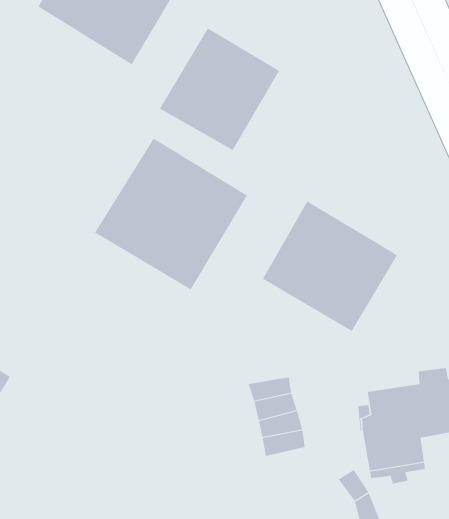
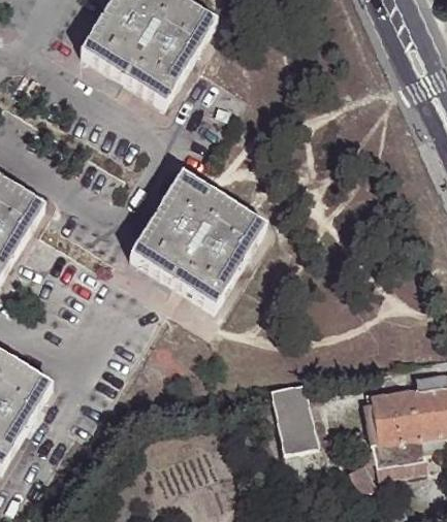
building: [159,27,280,151] -> none
building: [262,200,398,332] -> none

